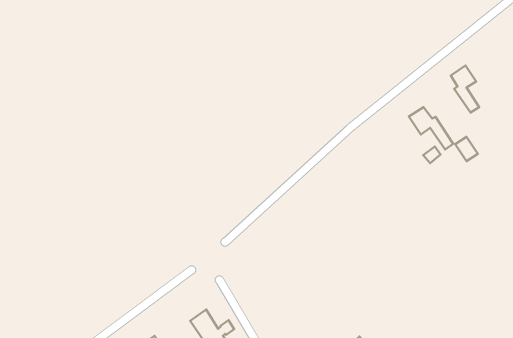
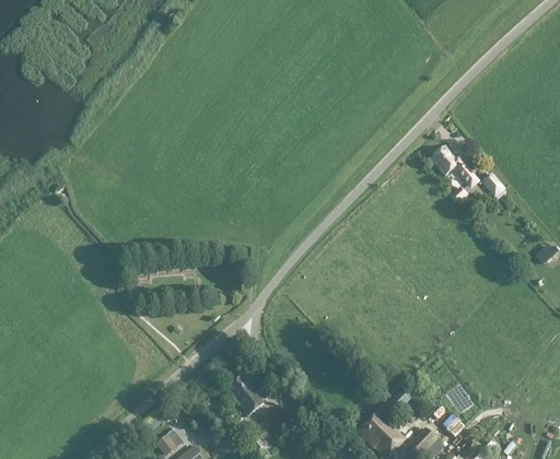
building: [451,65,479,113] -> none

